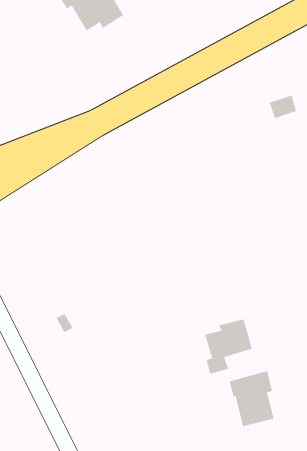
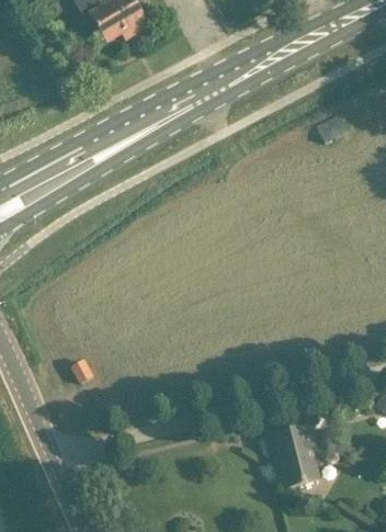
building: [204,318,252,375] -> none

